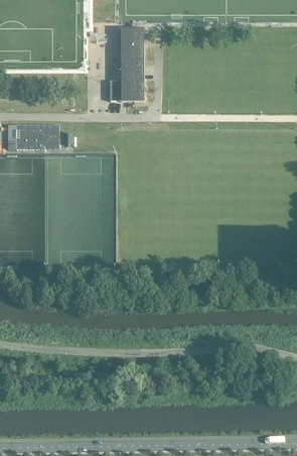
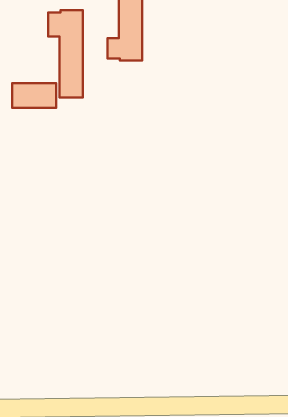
building: none -> [48,10,83,98]

